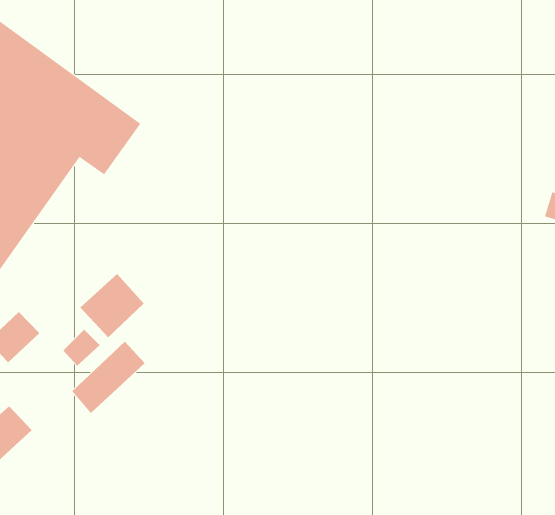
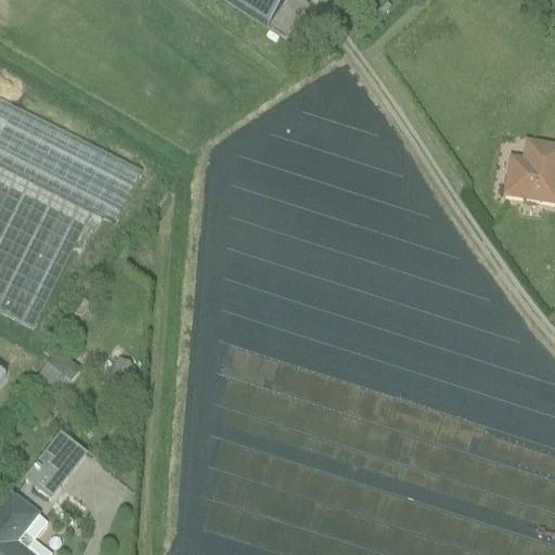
building: [80,273,144,338] -> none
building: [71,341,146,414] -> none

